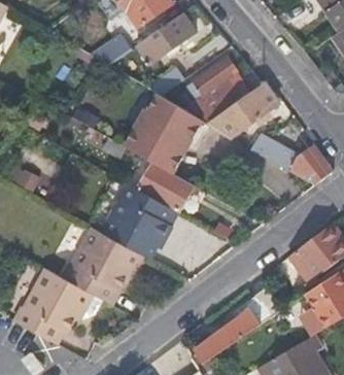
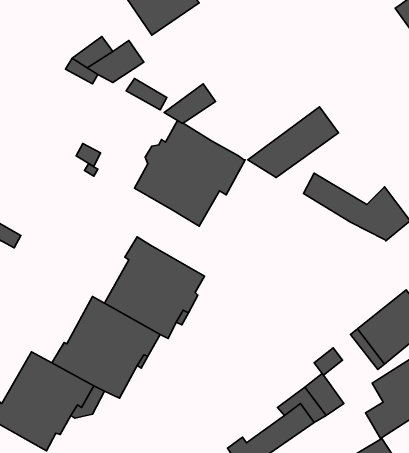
building: [135,13,197,65] -> none
building: [182,58,250,124] -> none
building: [136,162,194,213] -> none

